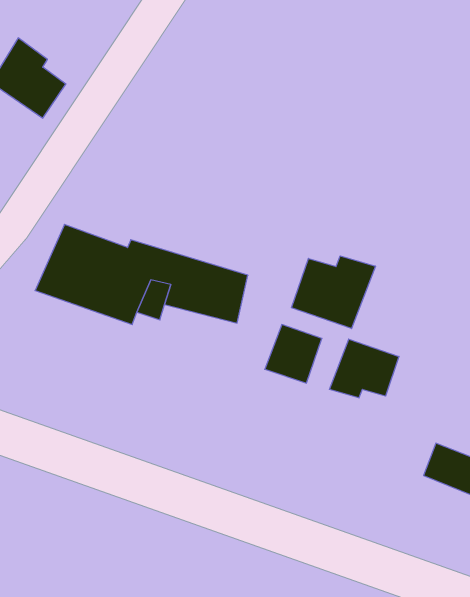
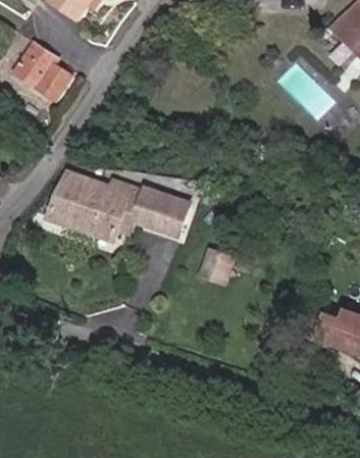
building: [292,256,375,329] -> none
building: [330,339,399,398] -> none

